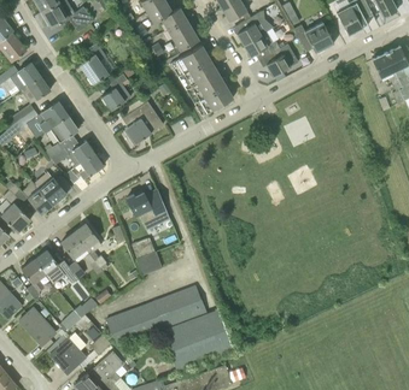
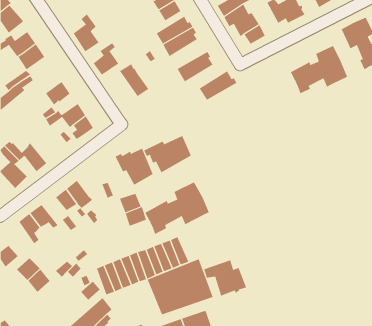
building: [186,70,228,102] -> [199,71,238,101]
building: none -> [290,45,348,94]
building: [27,101,69,137] -> none
building: [123,105,151,143] -> none
building: [35,172,72,205] -> none
building: none -> [144,135,191,173]
building: none -> [145,181,209,235]
building: none -> [204,260,247,296]
building: [51,332,87,373] -> none

